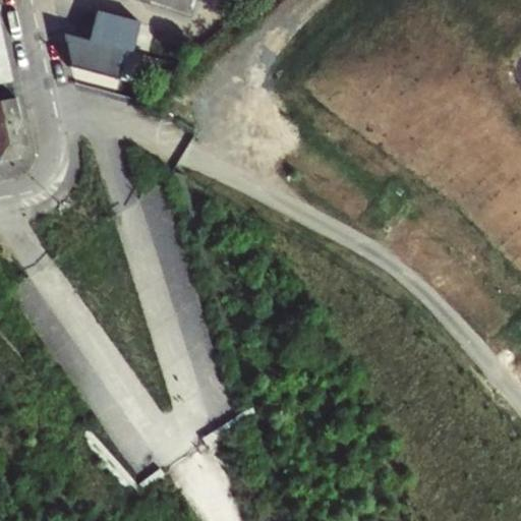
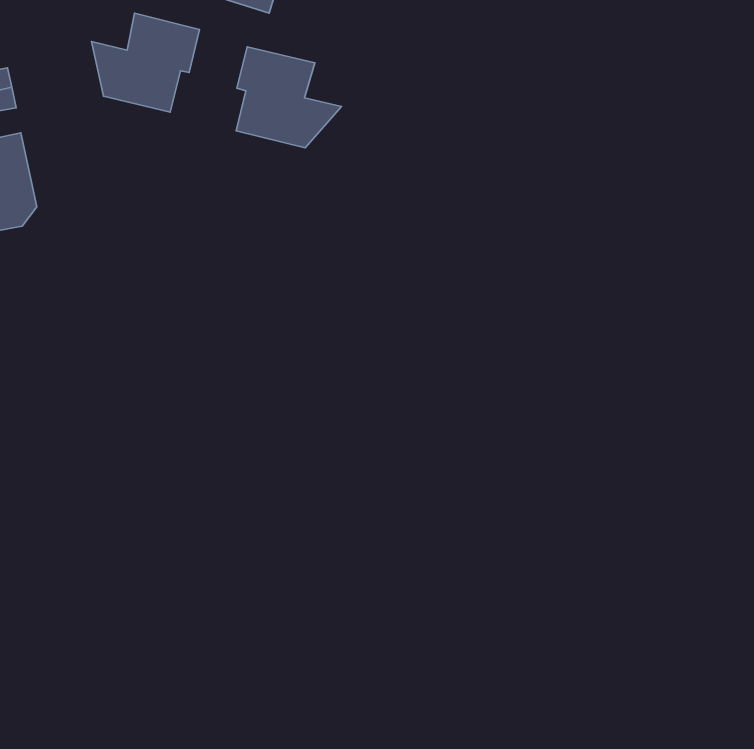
building: none -> [236,47,341,148]

